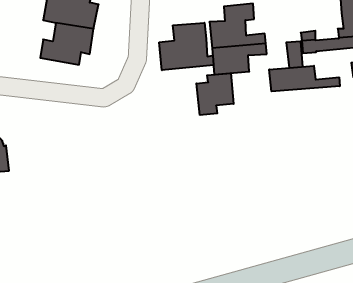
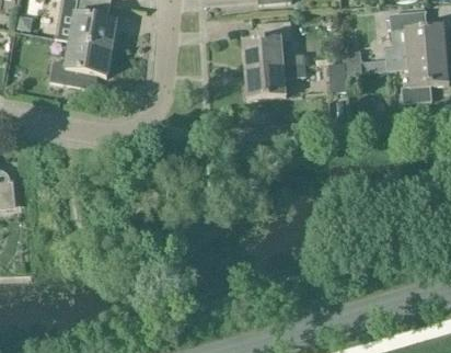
building: [159,23,213,70] -> none
building: [269,66,340,91] -> none
building: [196,73,234,115] -> none

